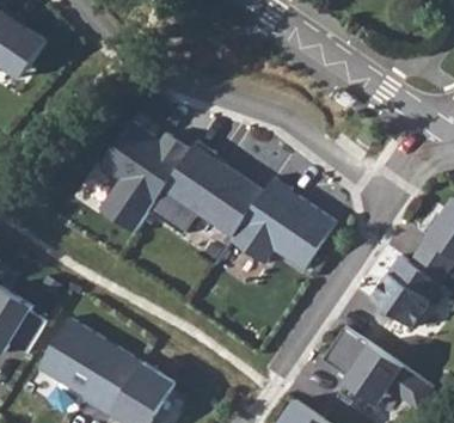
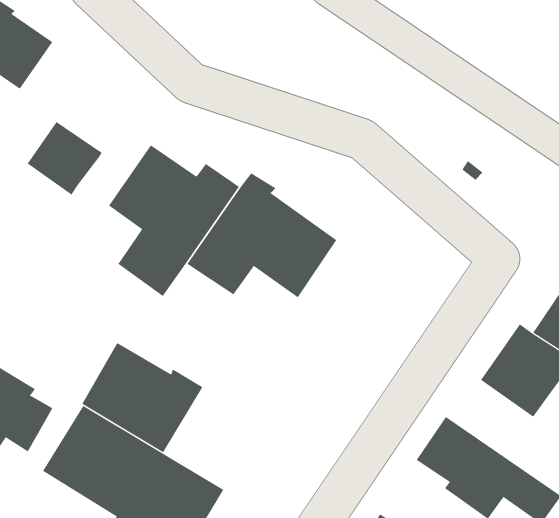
building: none -> [27,121,102,195]
building: [229,177,336,270] -> none
building: none -> [81,342,203,453]

